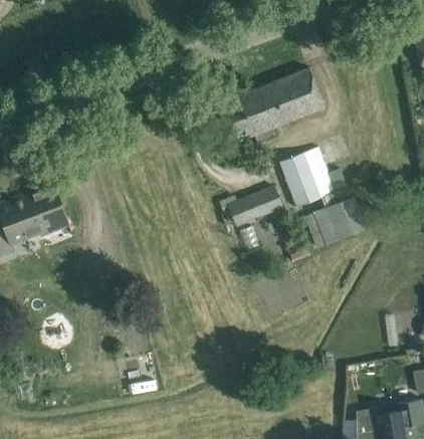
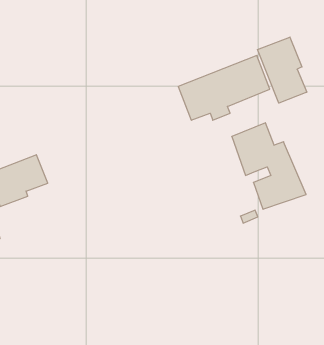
building: none -> [258,37,307,103]
building: [217,186,281,226] -> none

